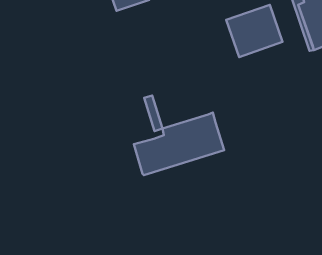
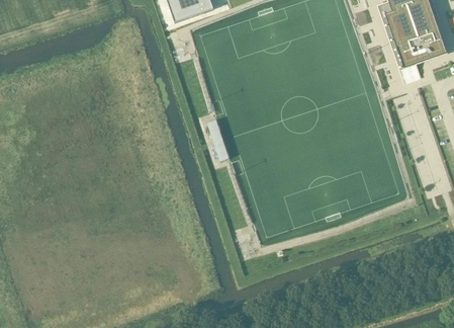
building: [226,5,282,57] -> none
building: [134,113,224,175] -> none

